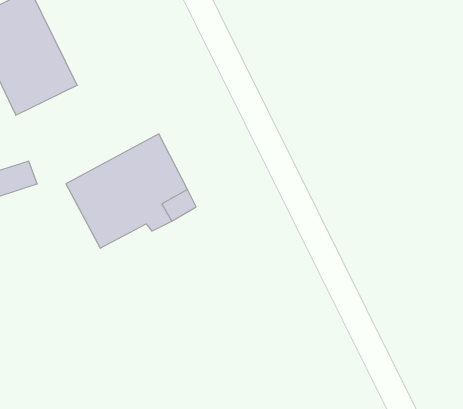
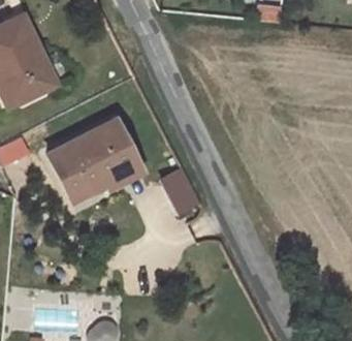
building: none -> [157,165,200,216]

